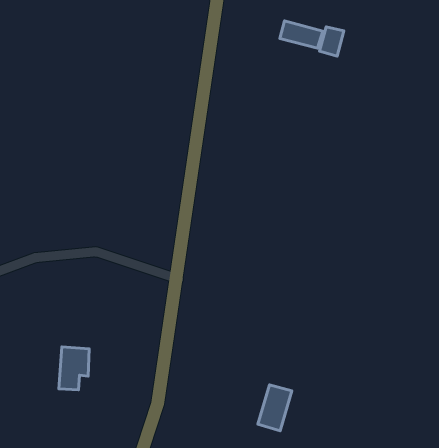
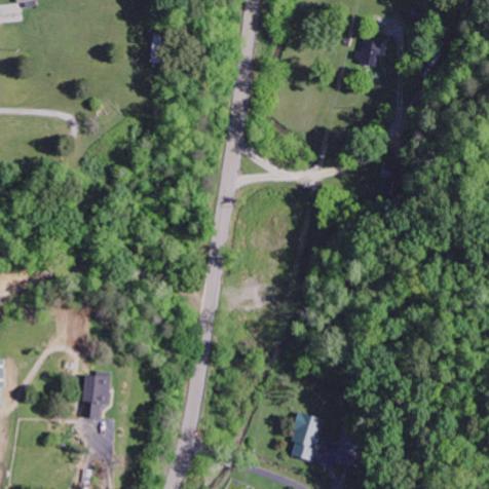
building: [280,21,323,48] -> none

